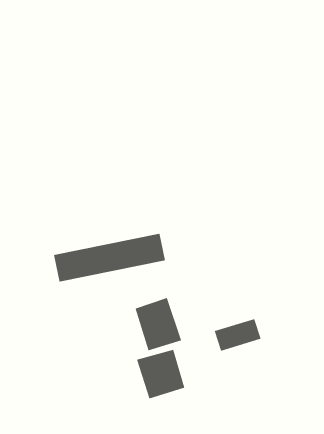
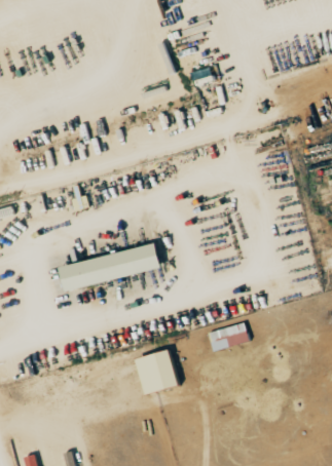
building: [135,297,182,351] -> none

